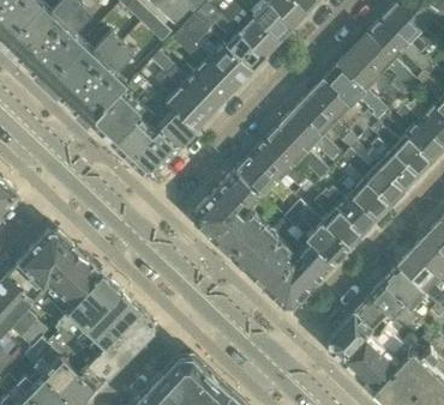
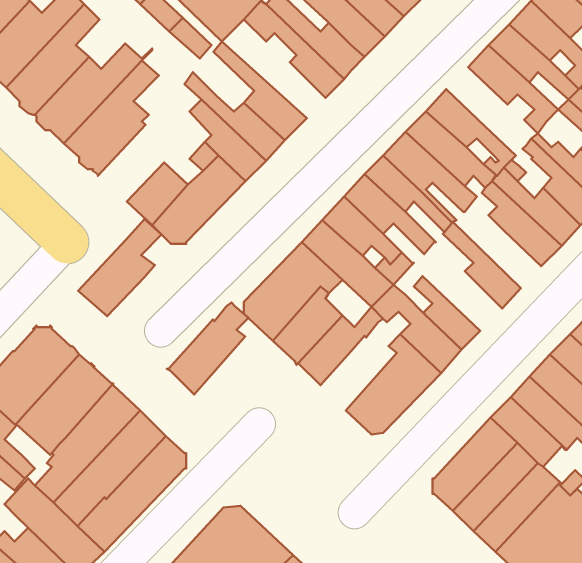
building: [178,16,251,85] -> none
building: [336,49,401,104] -> none
building: [90,75,149,144] -> [78,219,162,316]
building: [341,151,403,205] -> none
building: [319,188,376,235] -> none
building: [246,226,304,291] -> [167,303,248,394]

